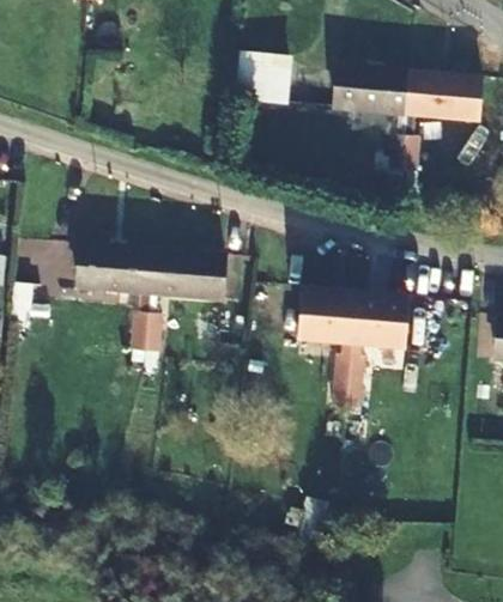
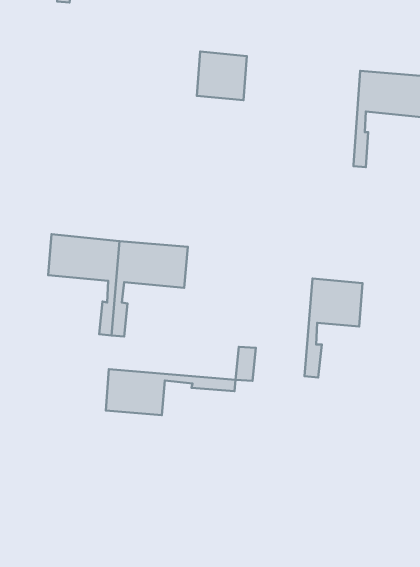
building: [331,68,406,176] -> none
building: [298,288,356,397] -> none
building: none -> [106,369,235,415]

